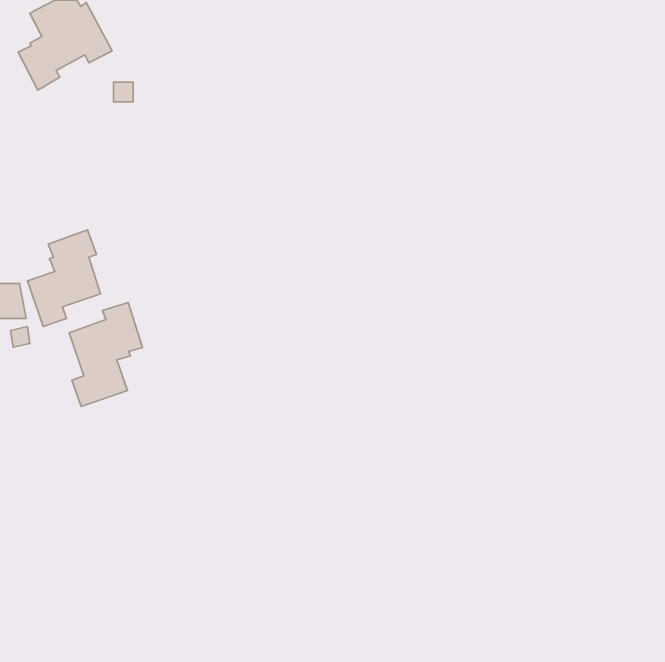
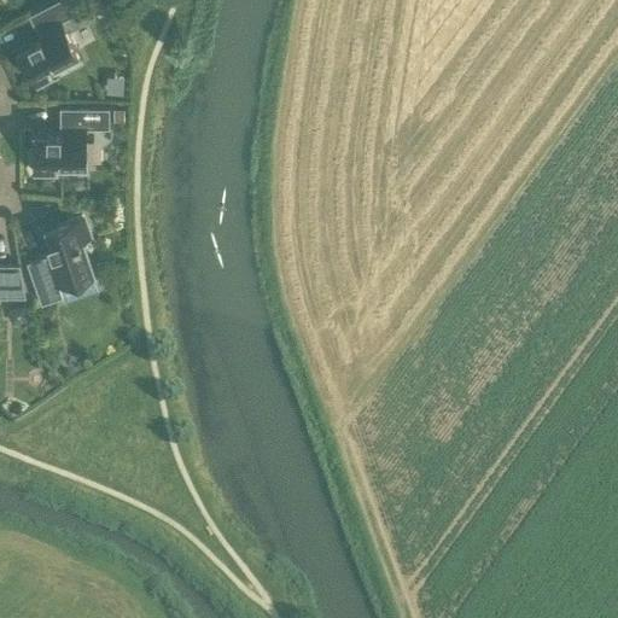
building: none -> [33,110,109,175]
building: [69,303,143,407] -> none

